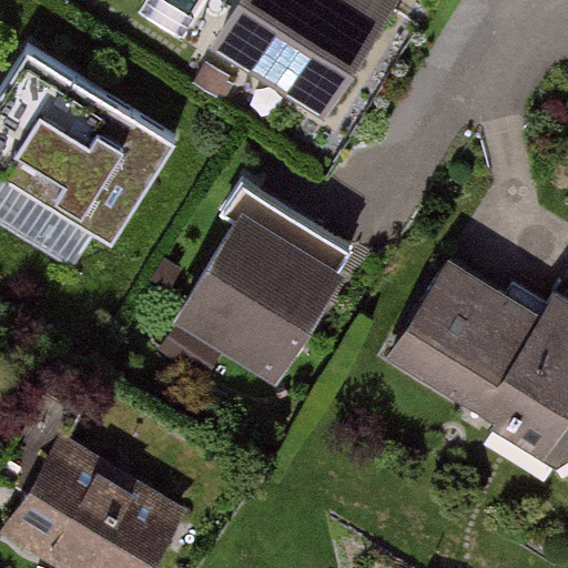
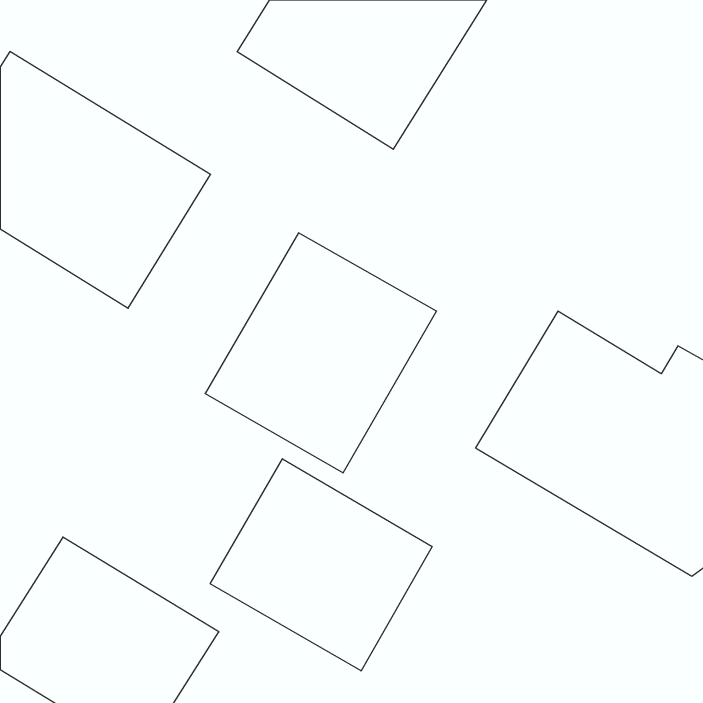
building: none -> [210,459,432,671]

